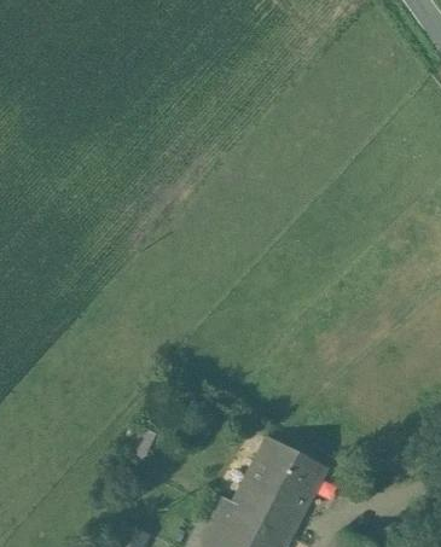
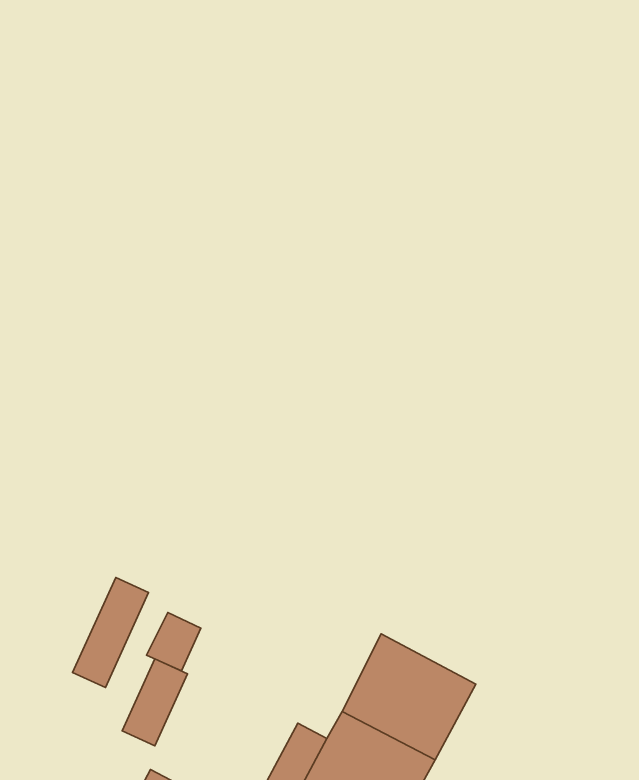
building: none -> [73,578,149,687]
building: none -> [122,659,188,746]

